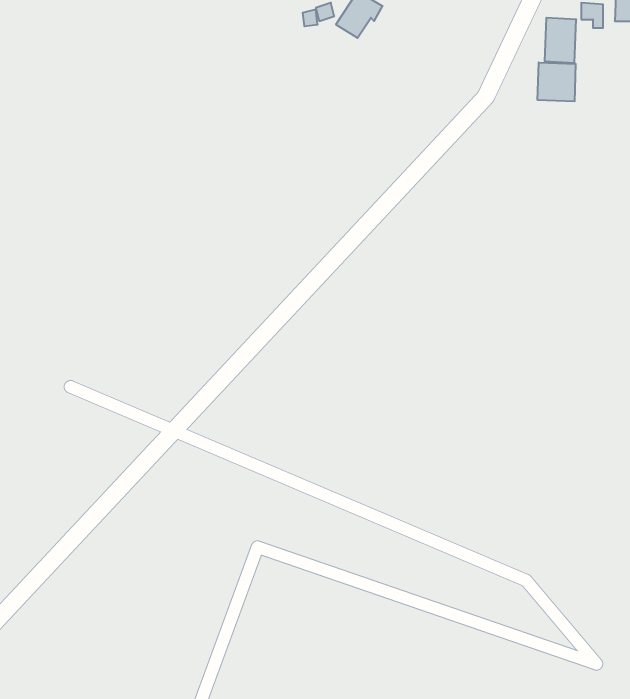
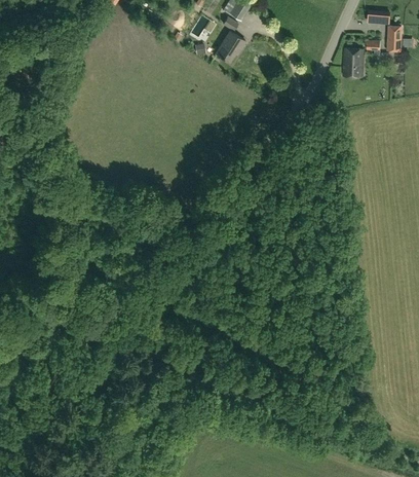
building: [538,62,576,101] -> none

